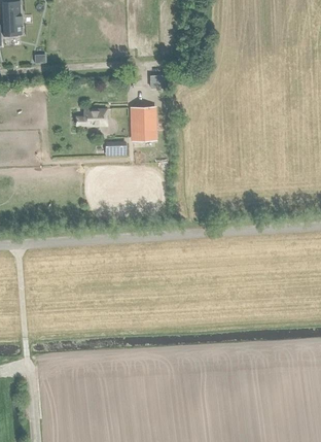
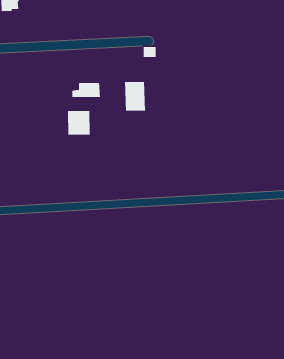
building: none -> [67,110,91,136]

